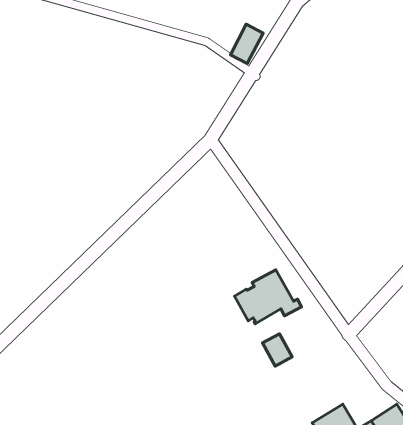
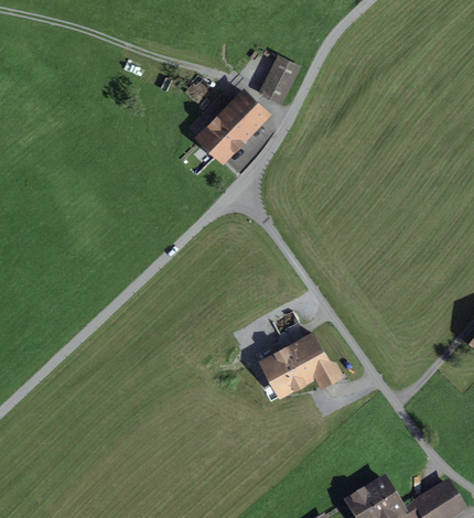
building: none -> [201,94,266,155]
building: [263,334,292,366] -> none

